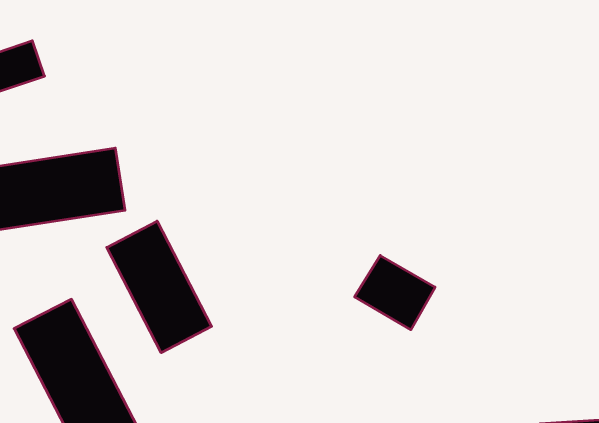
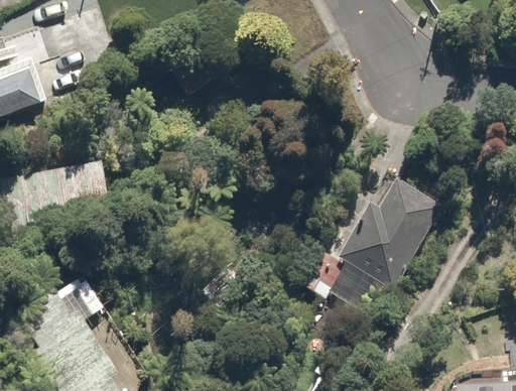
building: none -> [345,168,442,281]
building: [107,221,212,353] -> none

